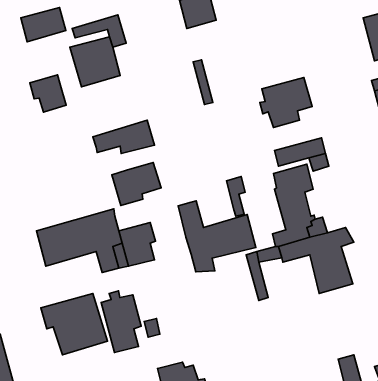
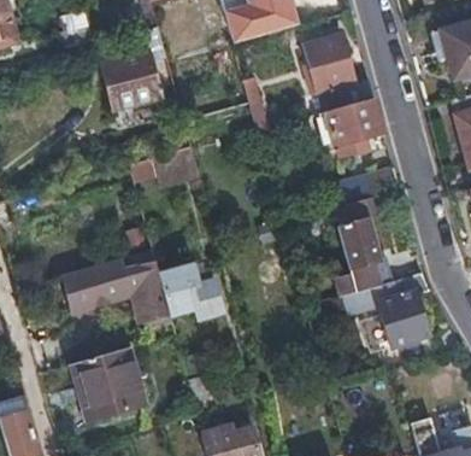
building: none -> [305,34,372,111]
building: [30,75,66,112] -> none
building: [112,163,161,205] -> none
building: [178,201,256,272] -> none
building: [101,291,141,353] -> none

